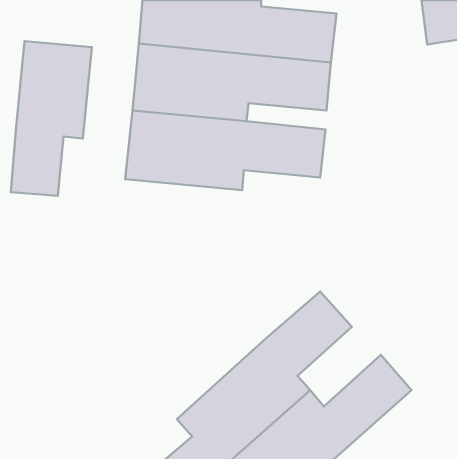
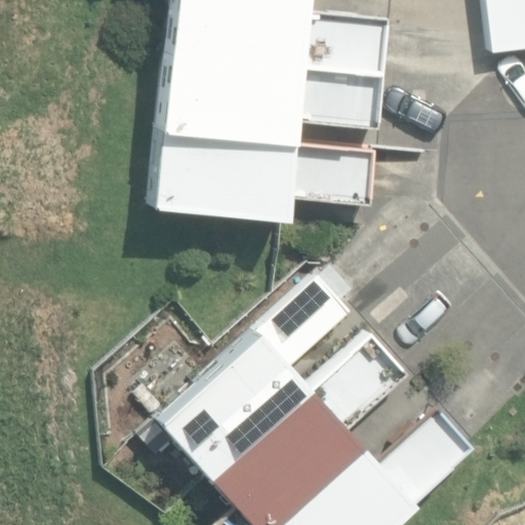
building: [11,41,92,196] -> none
building: none -> [156,276,349,479]

